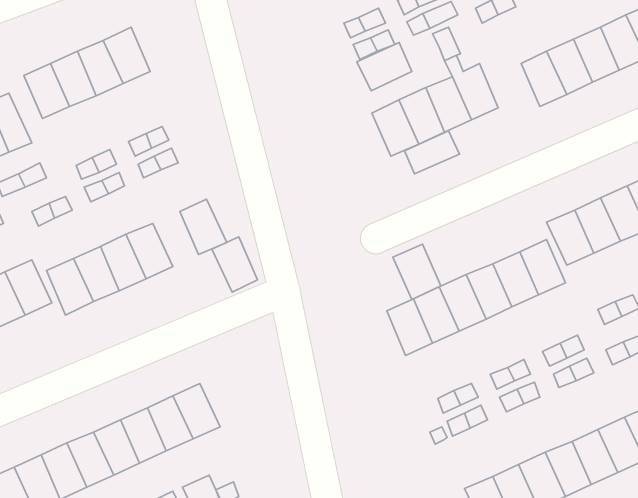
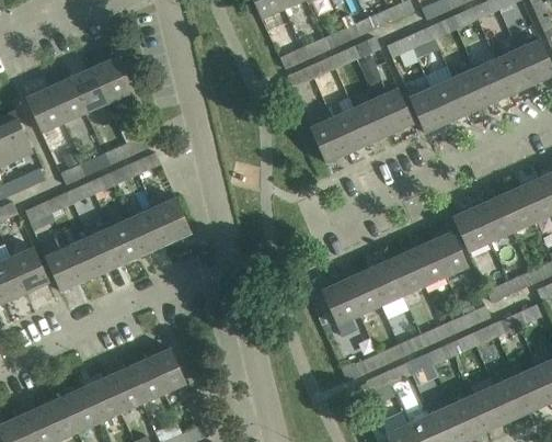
building: [357,43,412,91] -> none
building: none -> [409,87,447,132]
building: [404,131,459,174] -> none
building: [212,237,258,292] -> [131,207,169,252]
building: [393,244,441,300] -> none

